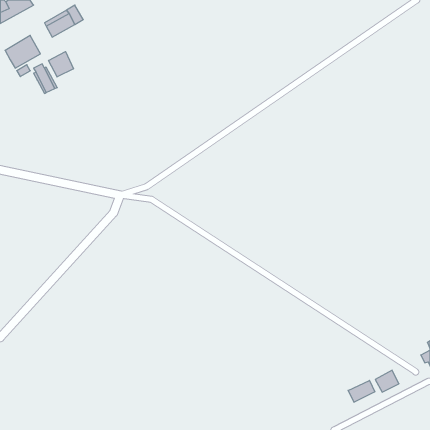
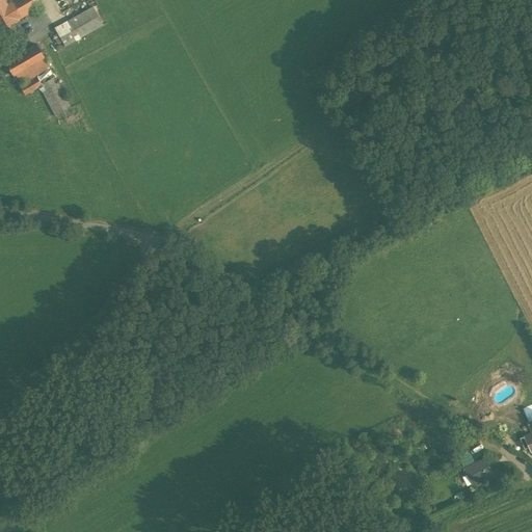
building: [49,52,73,77] -> none
building: [348,380,375,402] -> none

